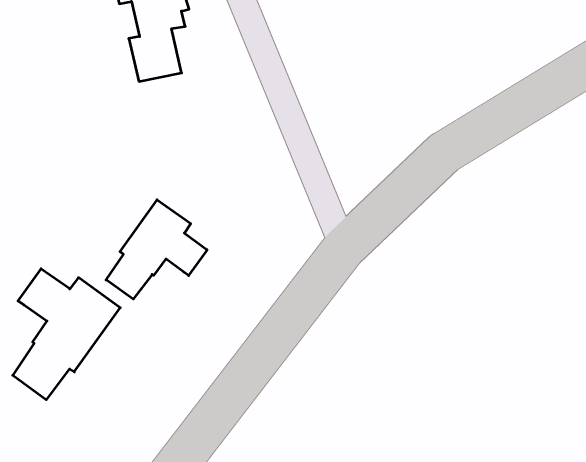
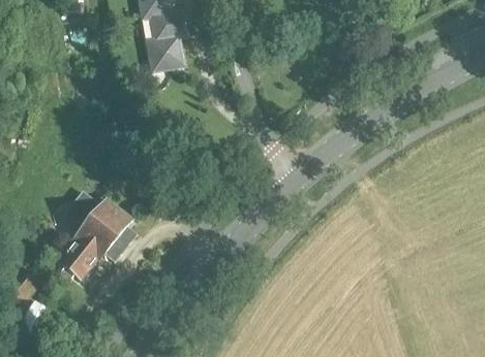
building: [106,200,207,299] -> none

